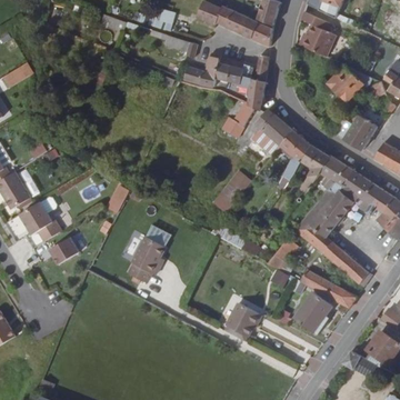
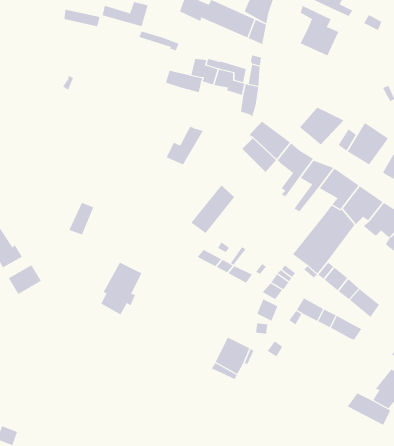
building: [330,66,370,99] -> [299,107,345,145]
building: [224,103,258,138] -> [166,126,204,165]
building: [292,289,330,328] -> none

